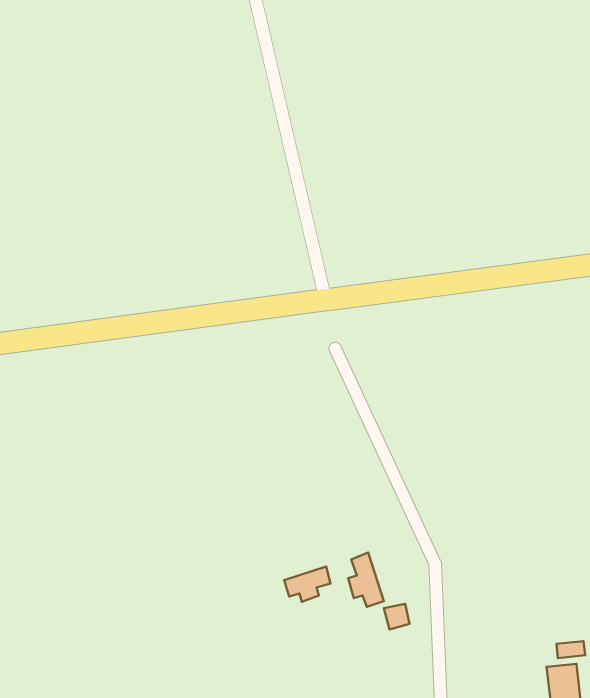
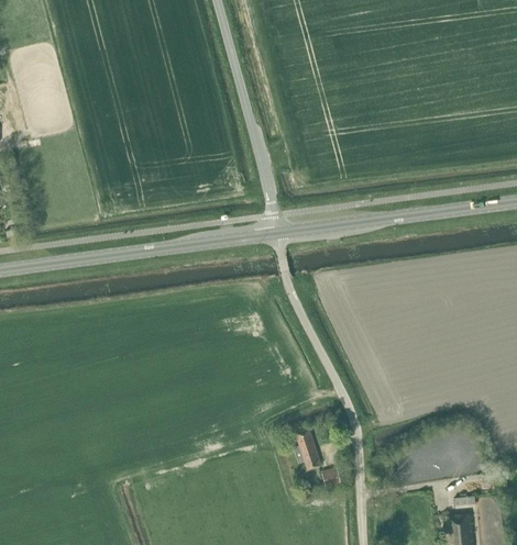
building: [284,567,330,602] -> none

